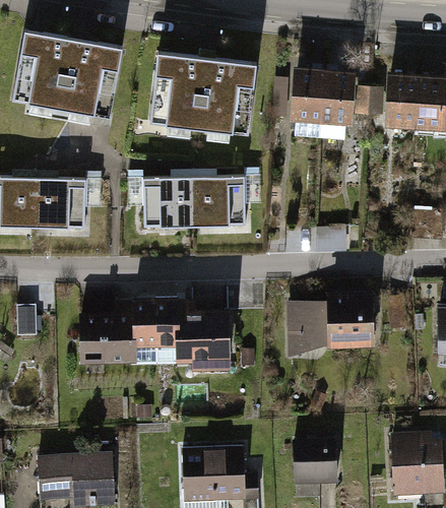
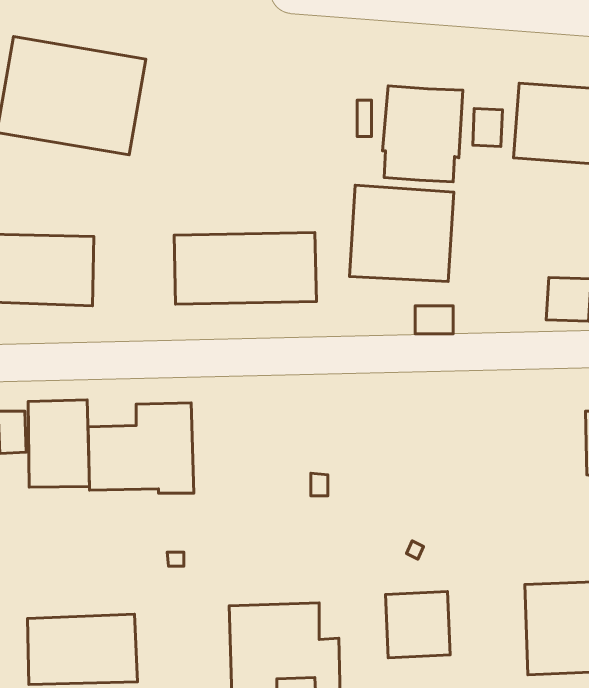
building: [151,57,257,138] -> none
building: none -> [350,185,454,282]
building: [288,295,372,355] -> none
building: none -> [28,400,89,487]
building: [153,299,227,373] -> none

